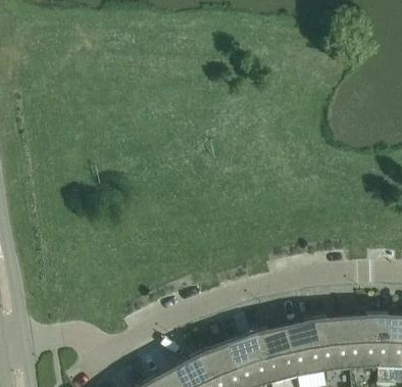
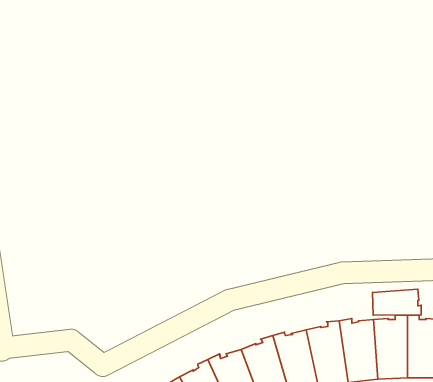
building: none -> [372,289,421,315]

